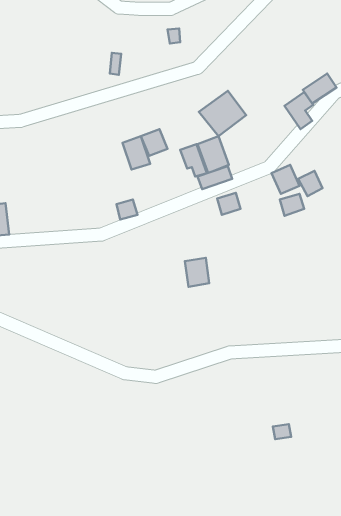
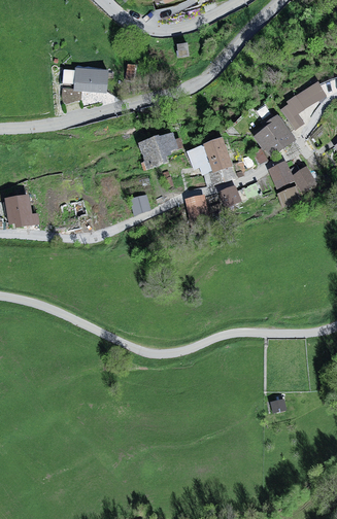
building: none -> [62,68,112,101]
building: [199,91,246,136] -> [254,115,296,155]
building: [185,258,209,287] -> [186,196,207,221]

